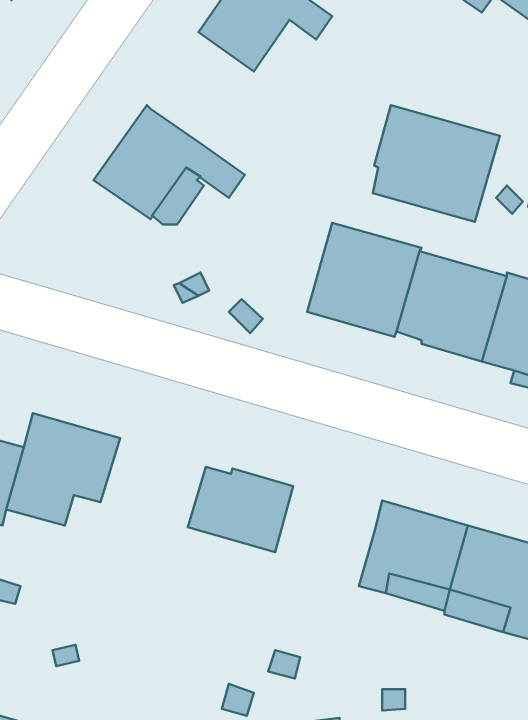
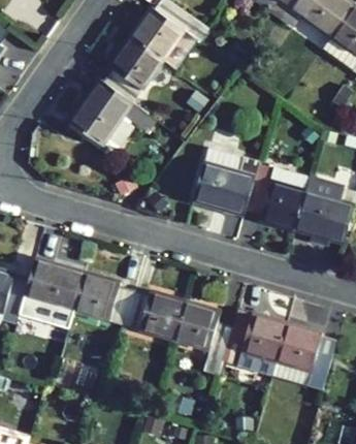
building: none -> [102,37,162,102]
building: [373,105,500,222] -> none
building: none -> [73,273,134,324]
building: none -> [174,300,232,374]

